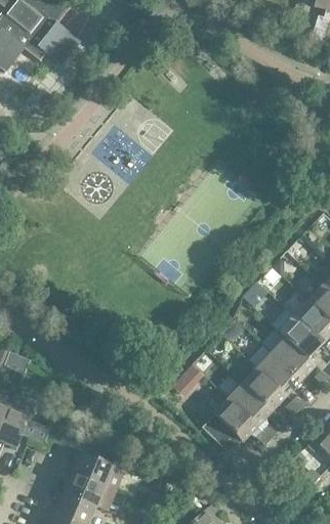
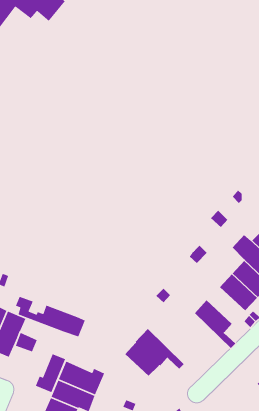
building: [242,367,286,409] -> none
building: none -> [15,296,86,338]
building: [201,397,270,452] -> [124,328,185,377]
building: none -> [35,353,66,393]

